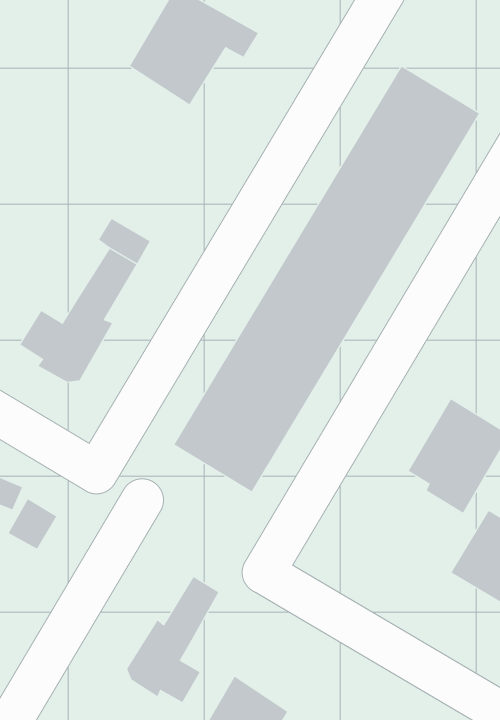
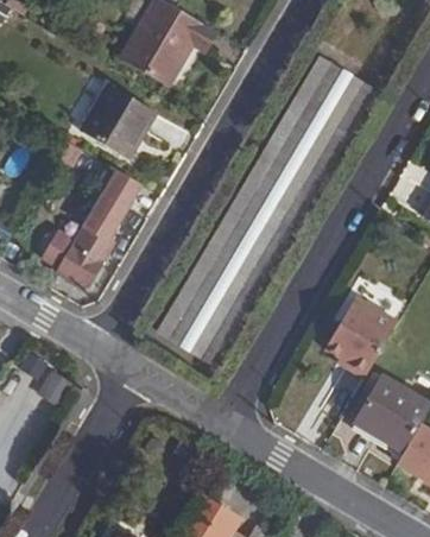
building: none -> [81,81,157,157]
building: [127,576,219,703] -> none

